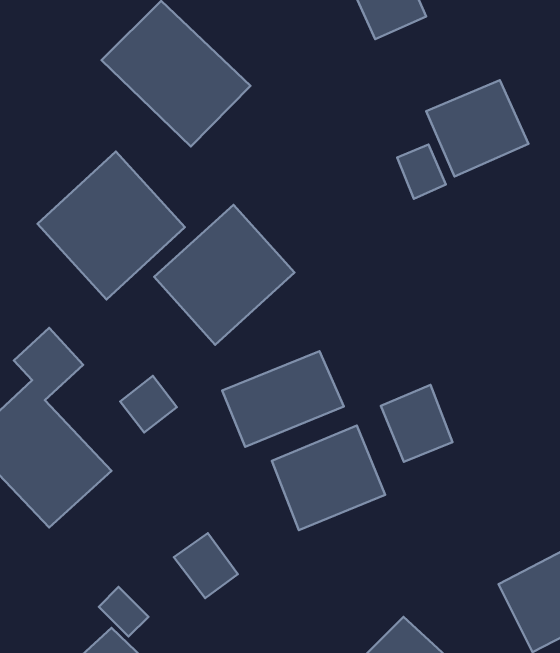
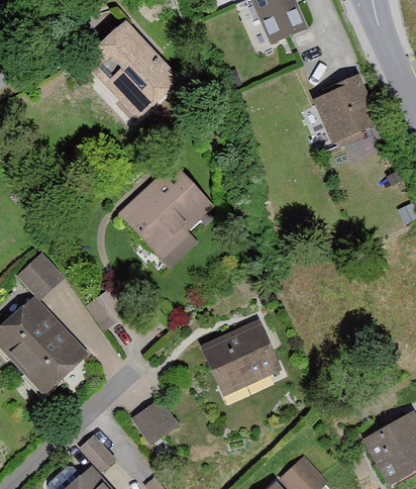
building: [397,144,446,199] -> none
building: [38,151,185,299] -> none
building: [222,351,344,447] -> none
building: [381,385,453,462] -> none

